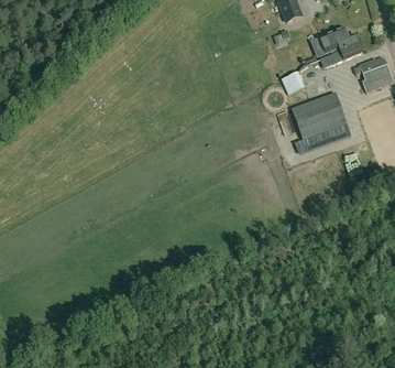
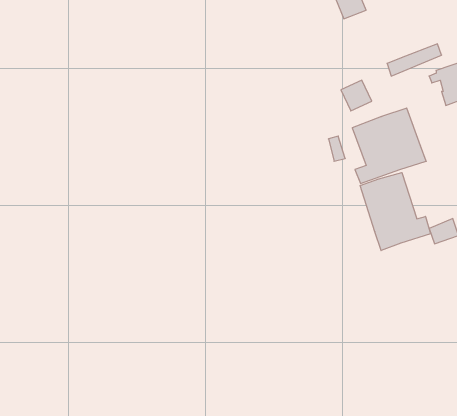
building: [319,26,358,53] -> none
building: none -> [360,173,431,251]

